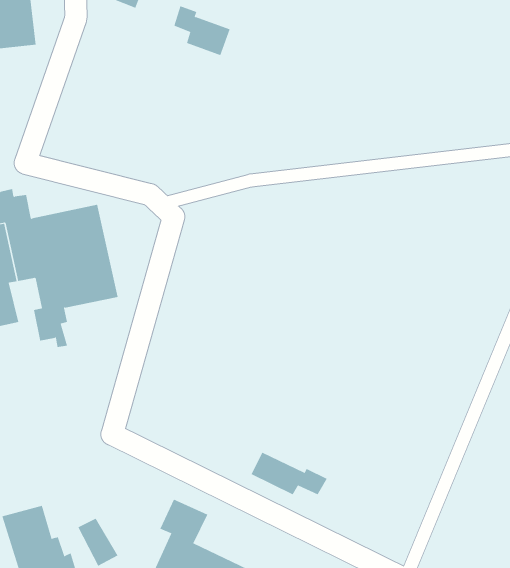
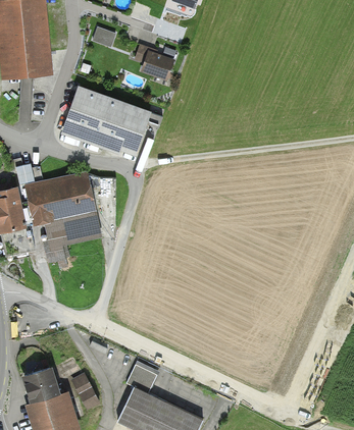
building: none -> [64,87,162,153]
building: [251,452,327,495] -> none

